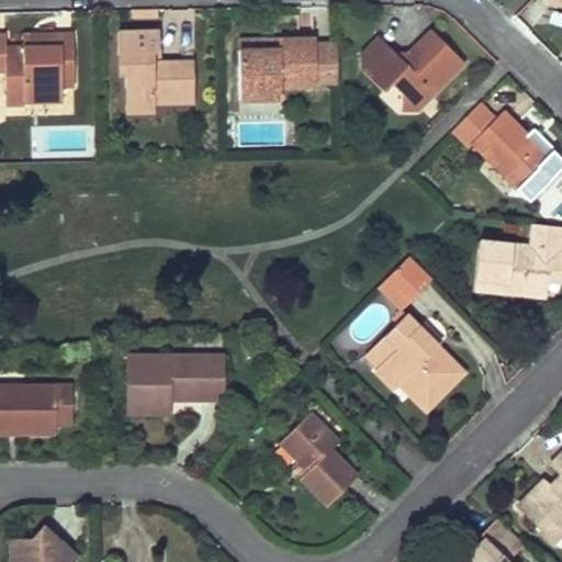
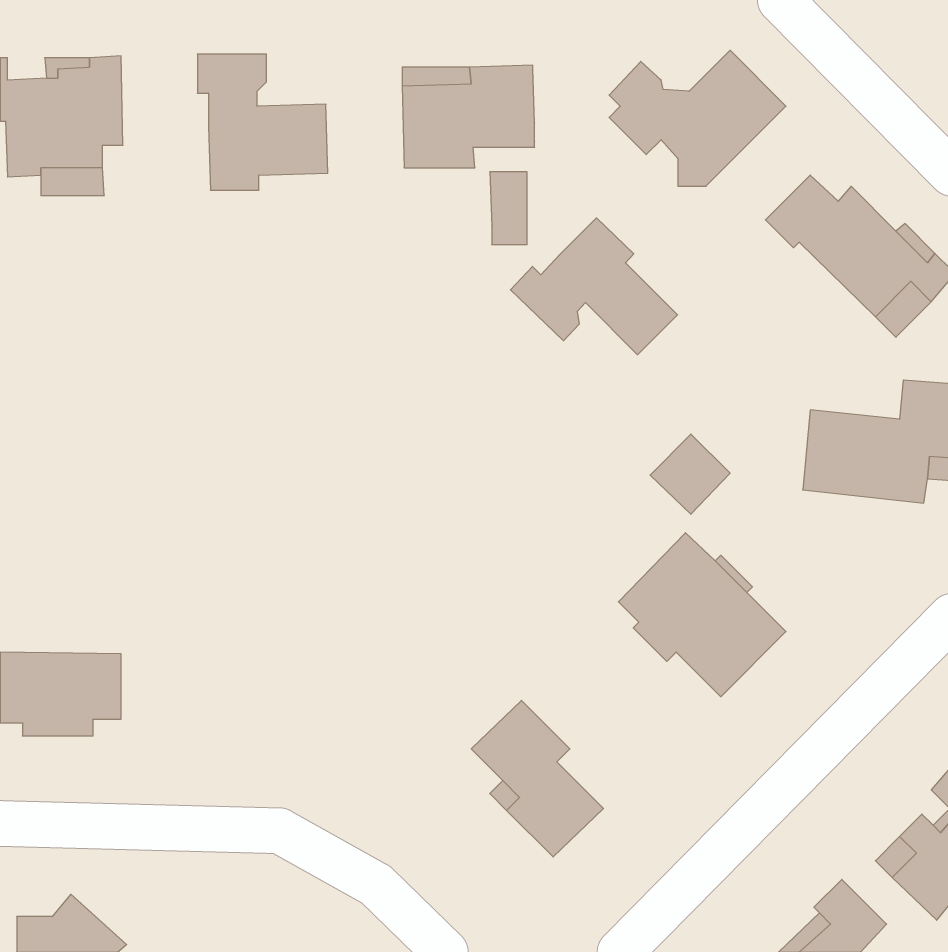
building: [316,41,338,83] -> [490,172,527,245]
building: none -> [510,218,678,355]
building: [128,355,224,414] -> none

